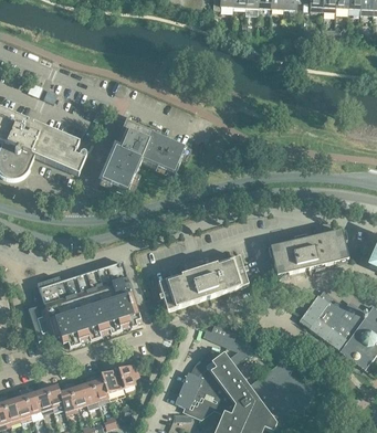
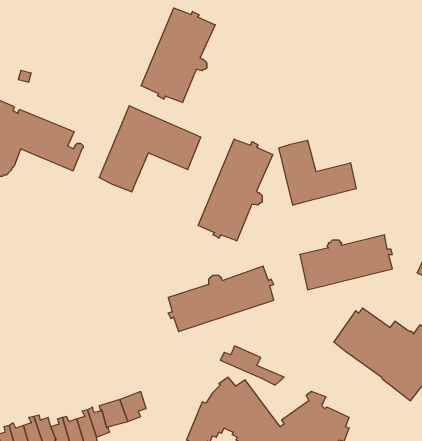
building: none -> [141,8,215,103]
building: none -> [198,139,273,241]
building: none -> [279,140,356,205]
building: [28,262,142,348] -> none

